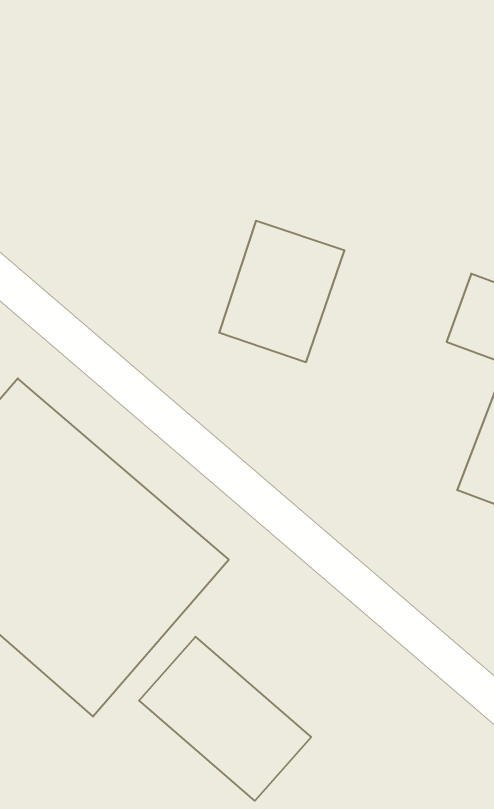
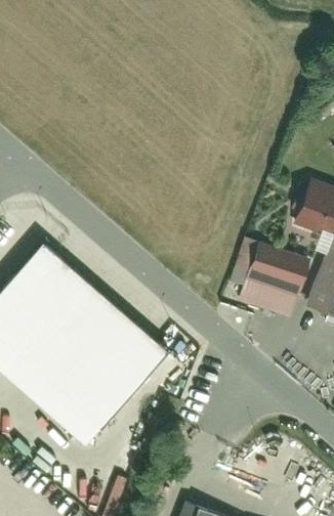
building: [219,221,345,362] -> [237,244,310,327]
building: [139,637,311,801] -> none

